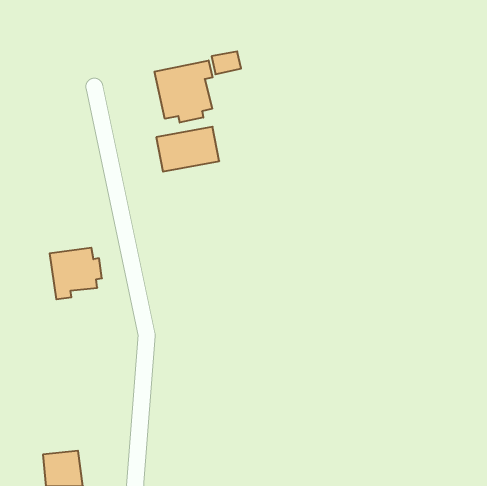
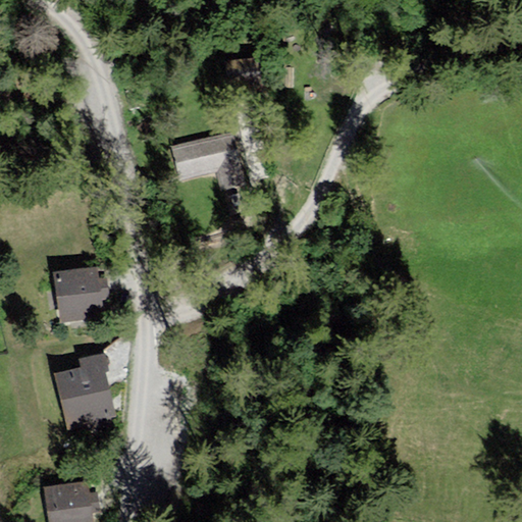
building: [155,60,213,123] -> none
building: none -> [55,352,116,429]

